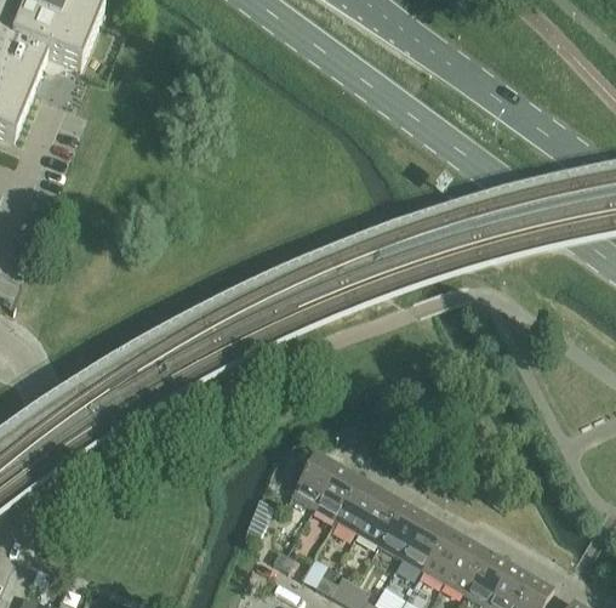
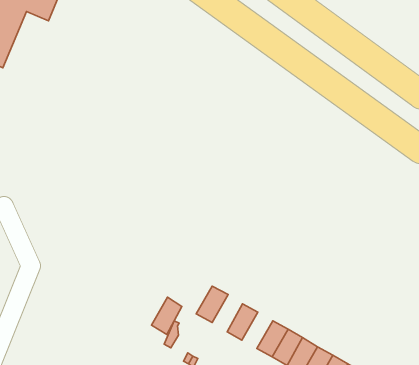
building: [314,465,358,518] -> [152,297,182,334]
building: [357,490,401,542] -> none

